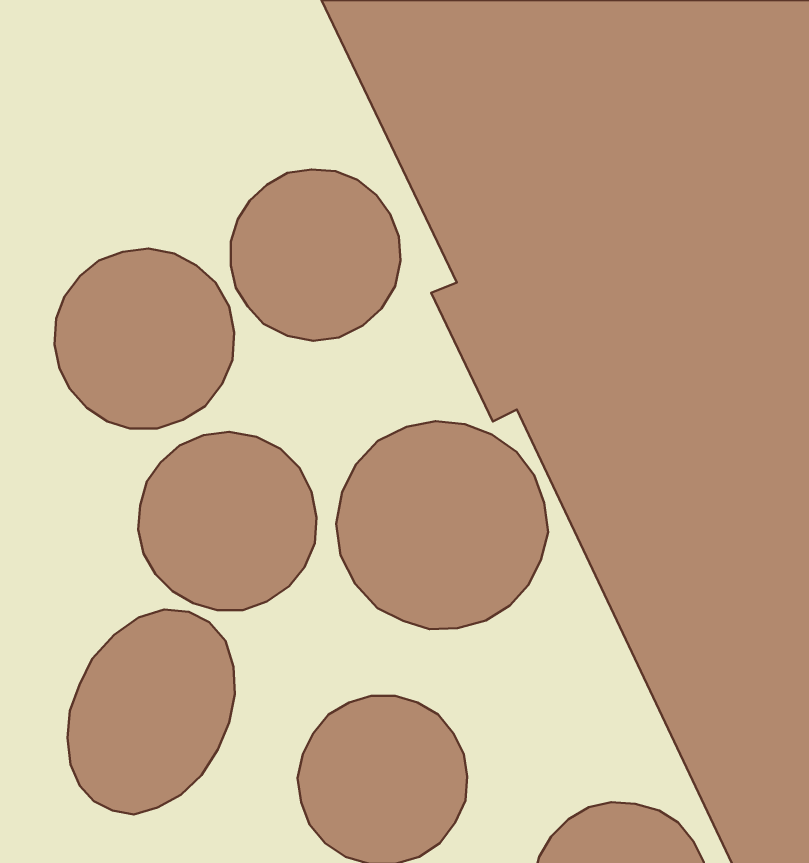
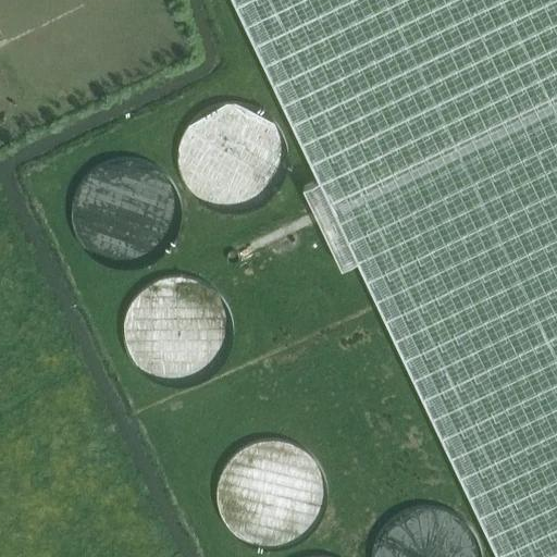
building: [336,421,548,629] -> none
building: [68,610,235,815] -> none

